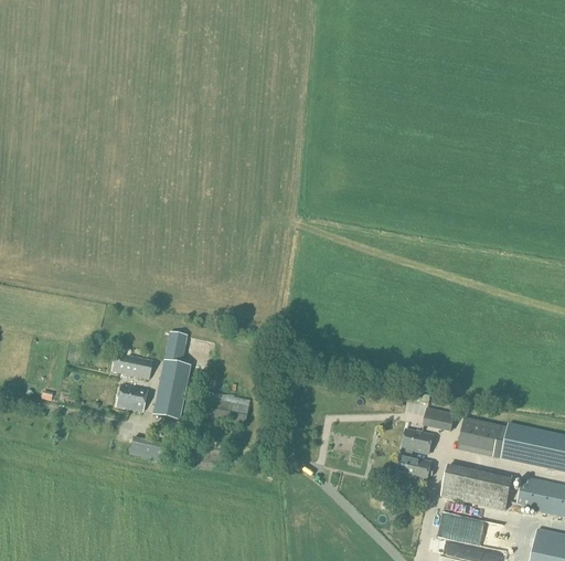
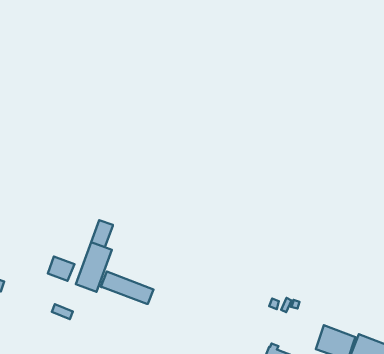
building: [113,352,153,379] -> none
building: [424,406,455,430] -> none
building: [403,428,434,452] -> none

